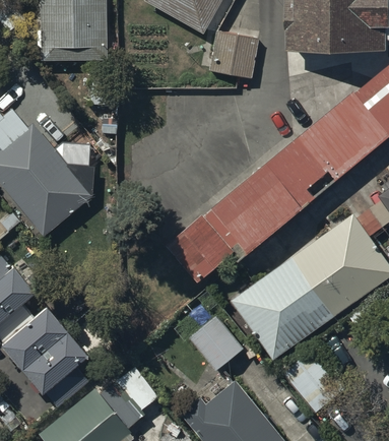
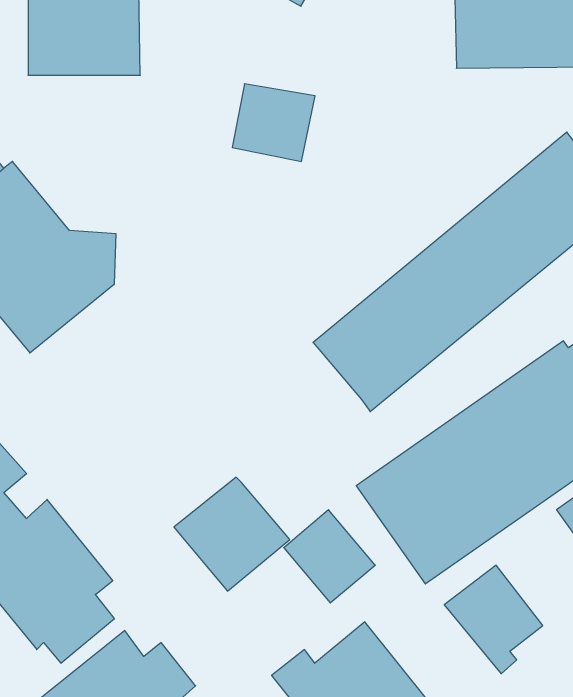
building: [209,28,258,74] -> [232,84,315,161]
building: [166,214,234,281] -> [174,477,290,591]

